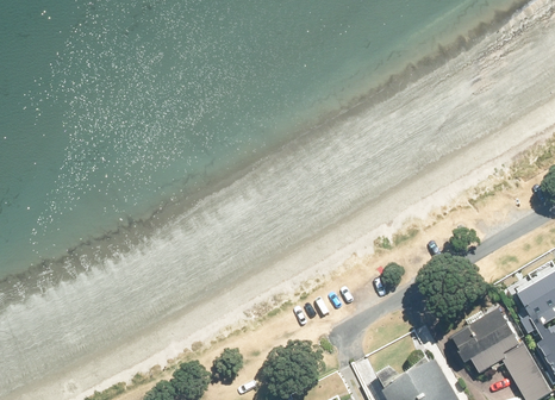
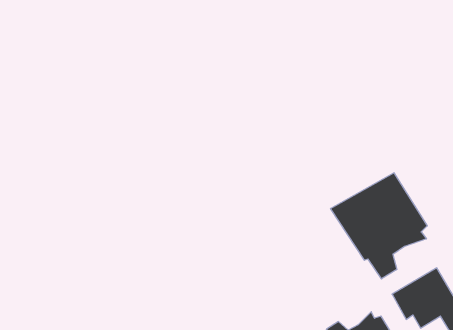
building: none -> [331,173,427,279]

